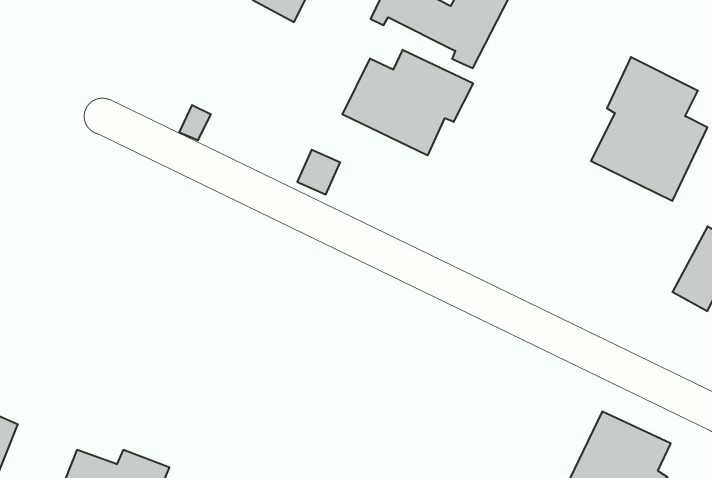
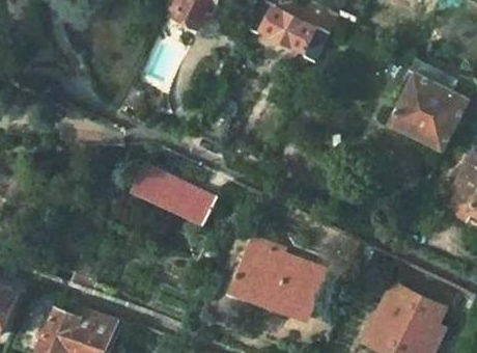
building: [342,50,473,155] -> none
building: none -> [134,166,214,223]
building: none -> [233,240,326,318]

